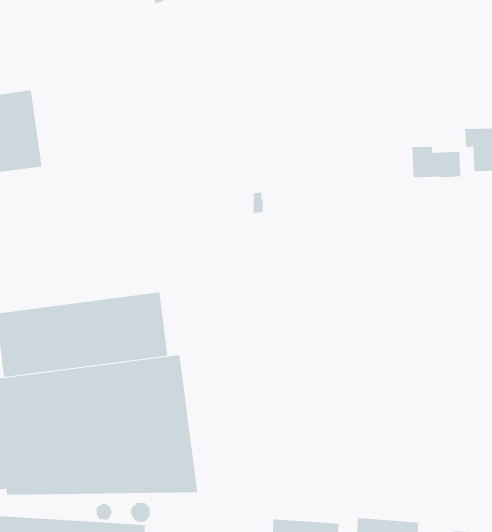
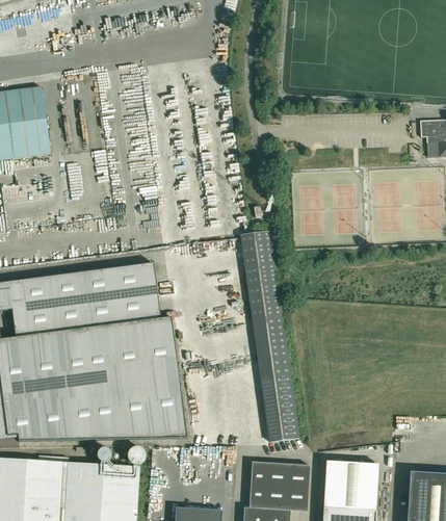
building: [412,146,461,178] -> none
building: none -> [240,231,298,442]

